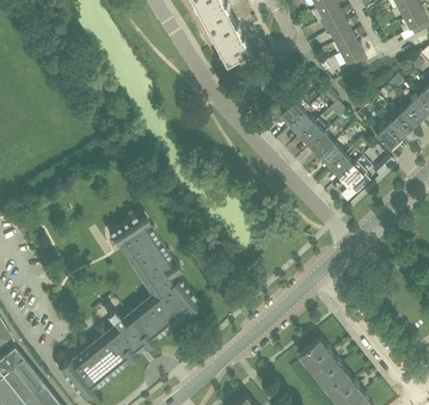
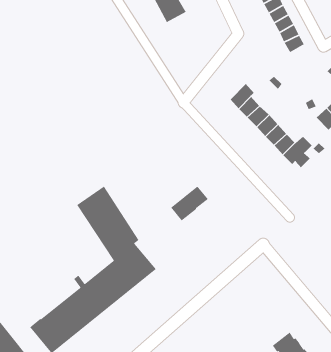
building: [210,19,251,65] -> none
building: none -> [170,185,209,221]
building: [299,339,348,389] -> none

